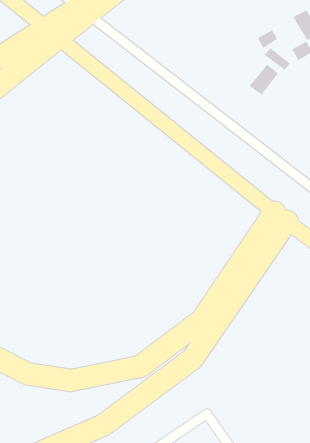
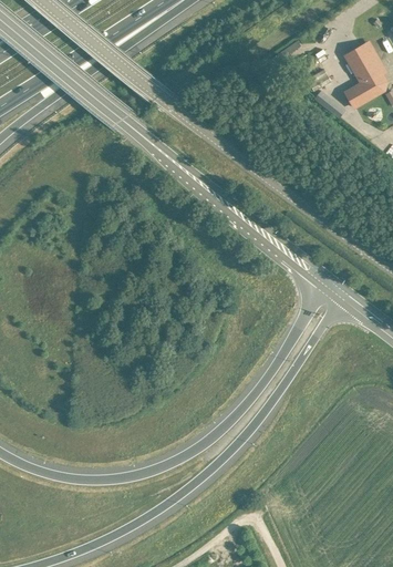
building: [249,64,279,95] -> none

